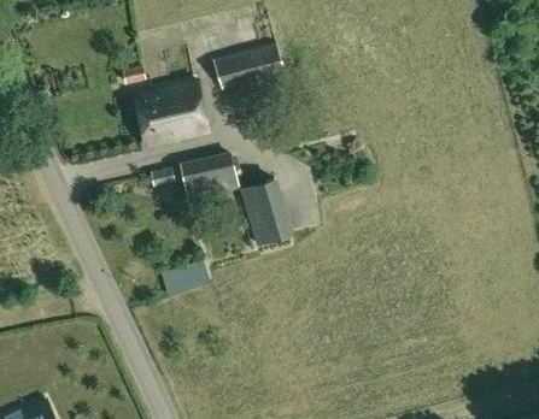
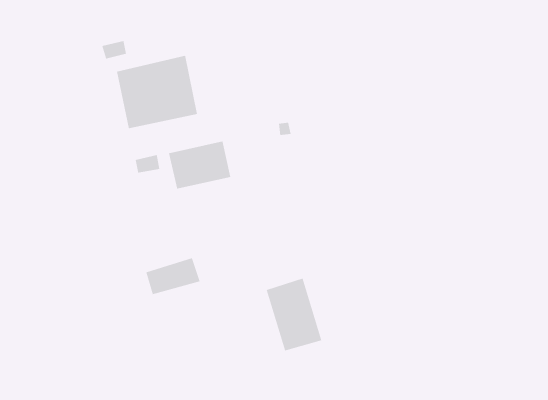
building: [215,45,285,90] -> none
building: [241,181,292,247] -> [266,278,322,351]

